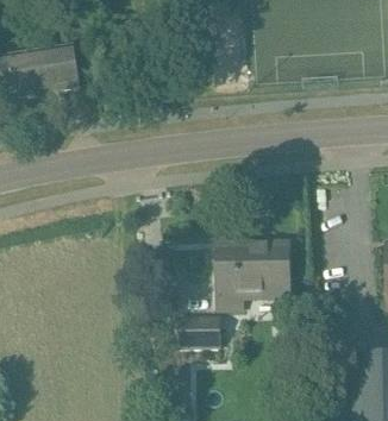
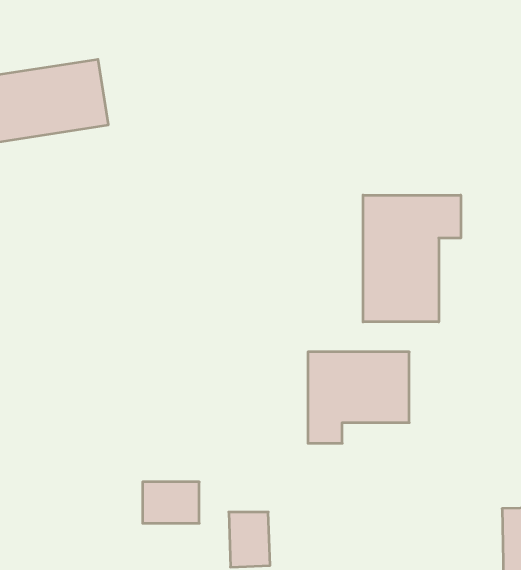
building: none -> [363,195,461,322]
building: [181,319,220,347] -> [143,482,199,523]

